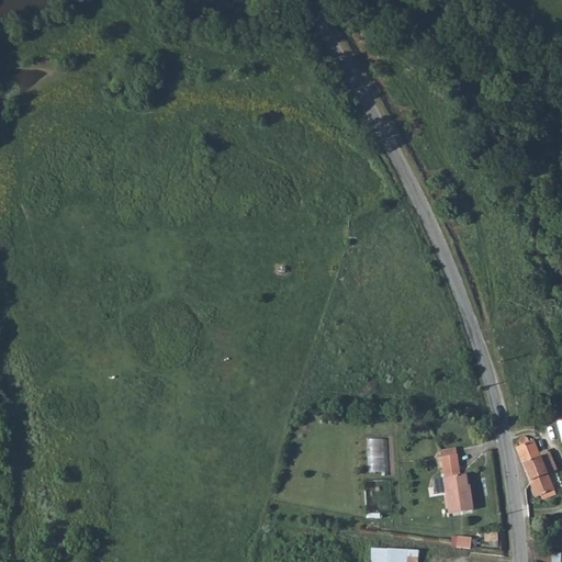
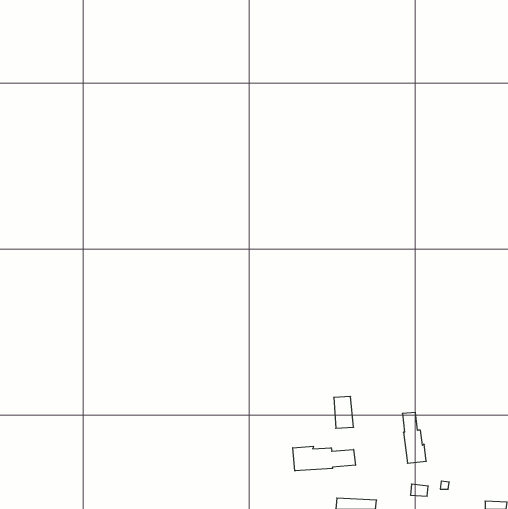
building: [516,437,555,498] -> none
building: none -> [293,446,355,471]

